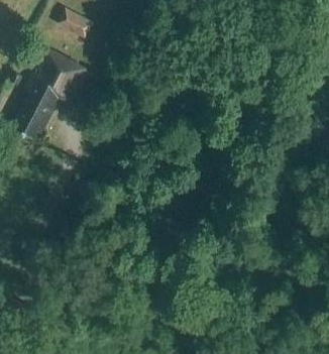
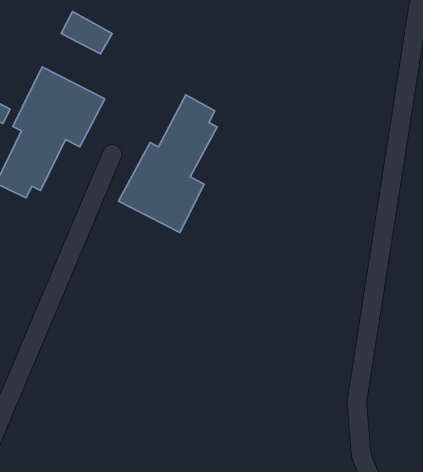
building: none -> [119,95,217,233]

